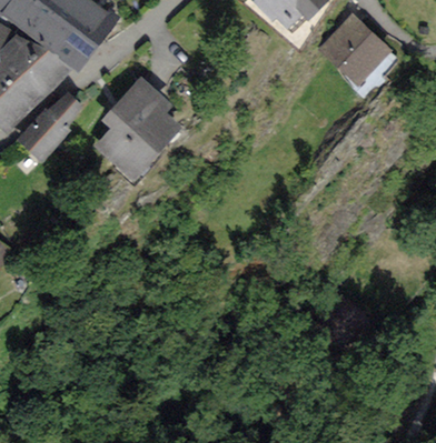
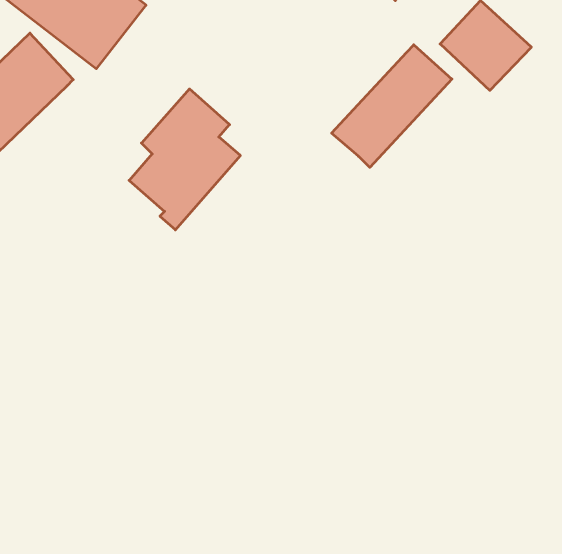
building: none -> [332,45,452,167]
building: [19,97,78,158] -> none

